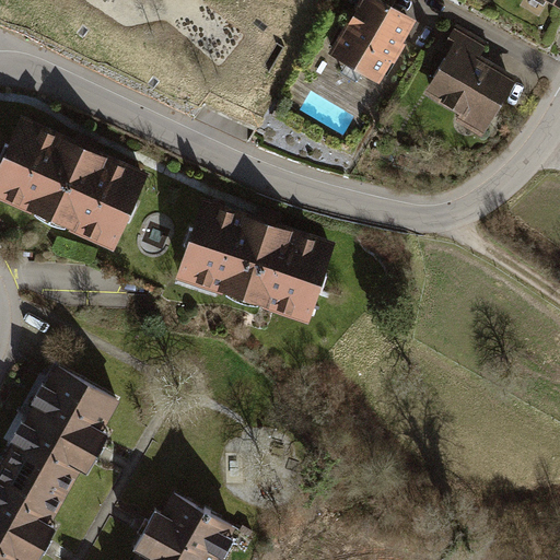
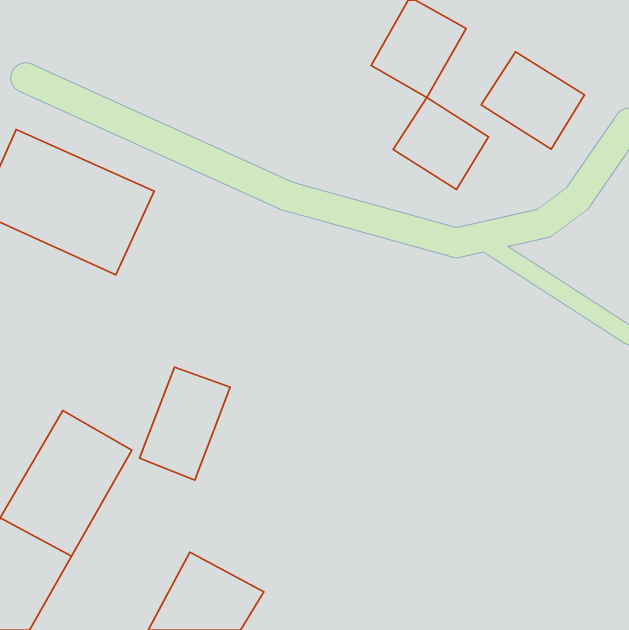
building: none -> [393,97,489,189]
building: [174,202,327,328] -> none
building: none -> [139,367,230,480]

